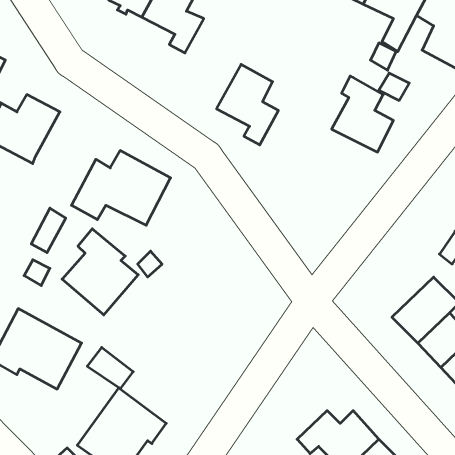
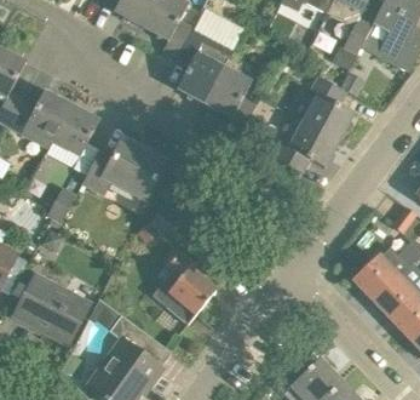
building: none -> [176,25,234,102]
building: none -> [51,104,98,156]
building: none -> [271,119,339,171]
building: [62,229,138,315] -> [151,251,215,324]

